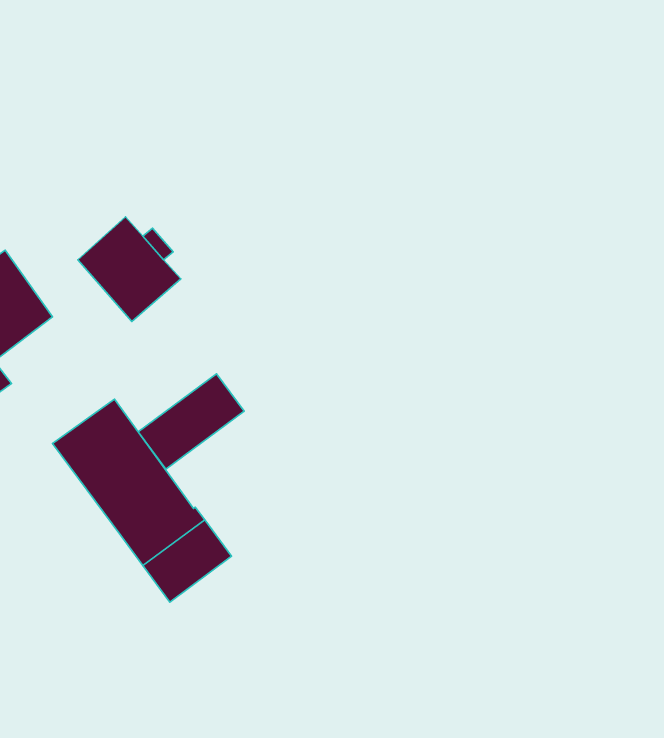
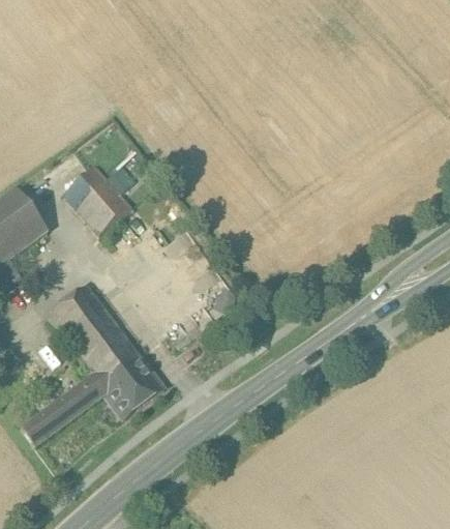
building: [138,374,244,469] -> none
building: none -> [21,373,106,445]

